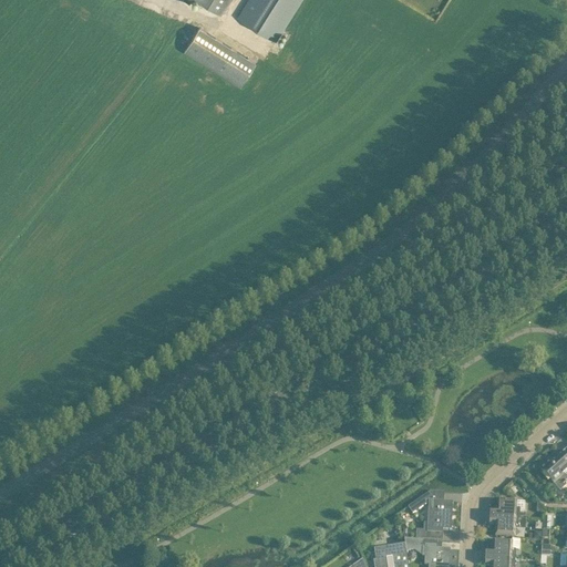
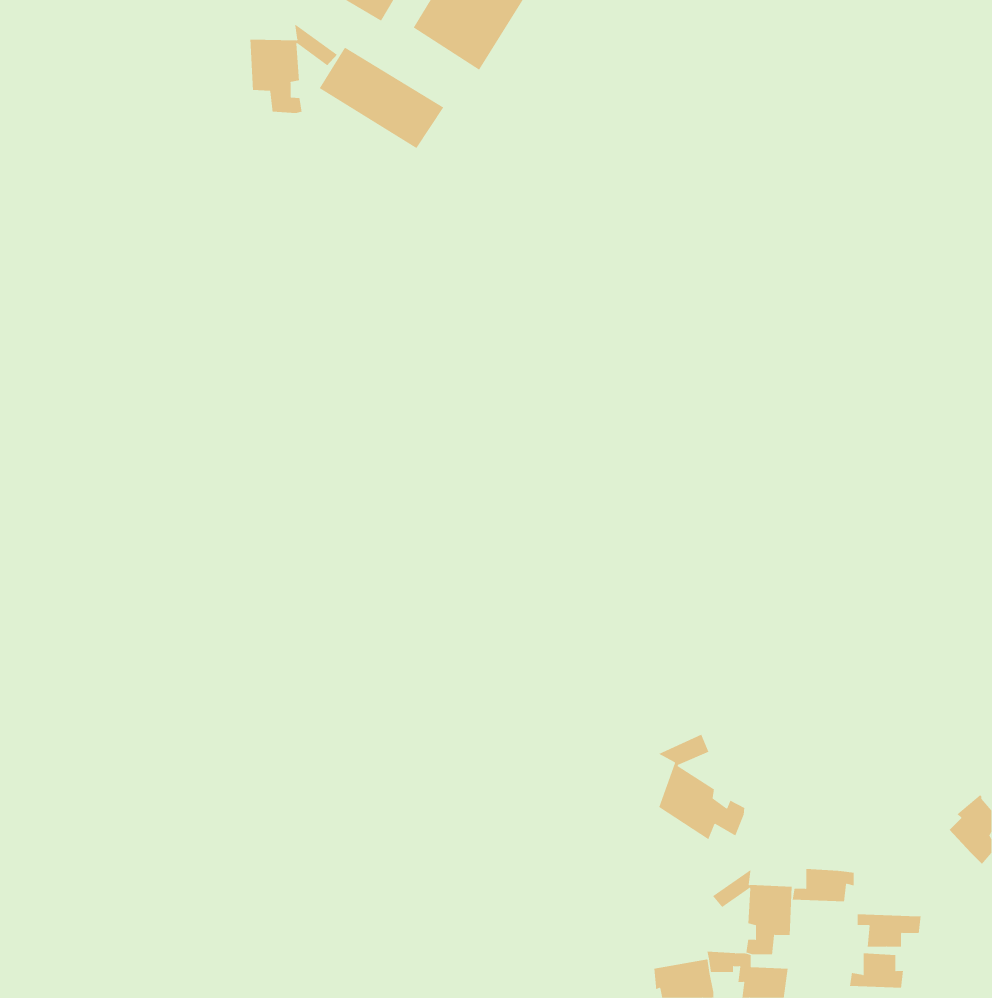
building: none -> [250,23,338,114]
building: none -> [658,734,745,840]
building: [485,499,520,518] -> [792,869,854,902]

